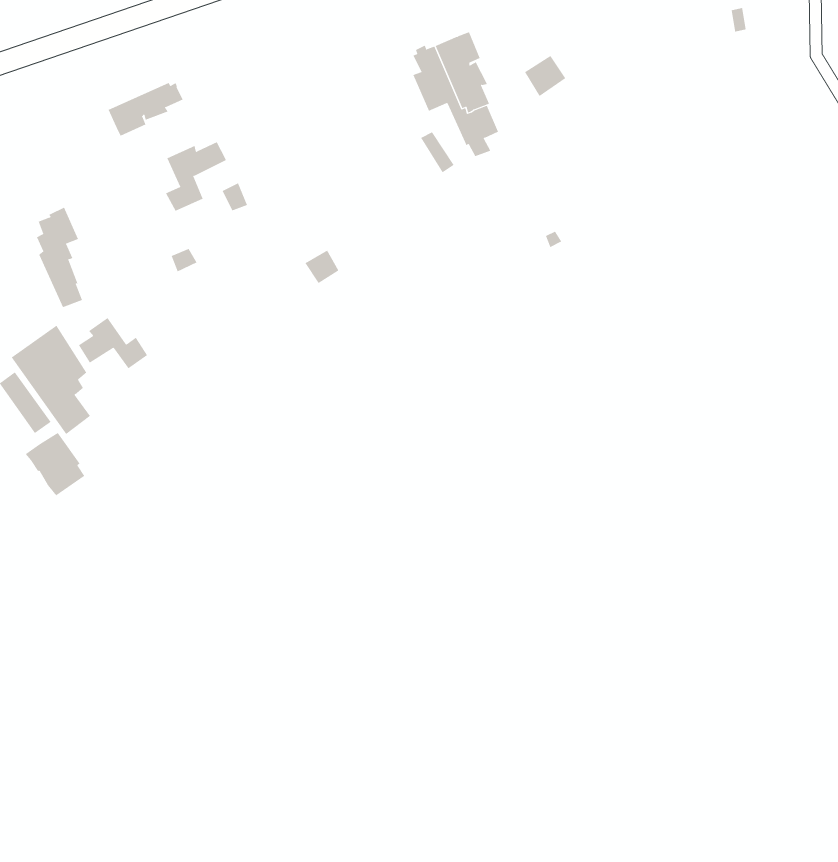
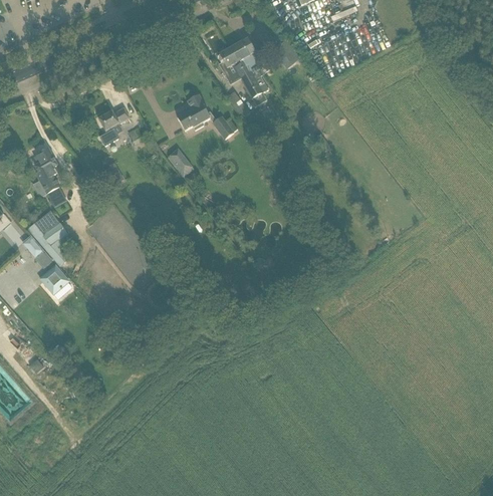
building: [108,82,183,137] -> none
building: none -> [177,92,237,138]
building: [78,317,148,369] -> none

